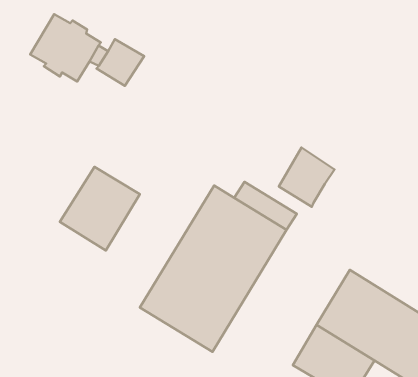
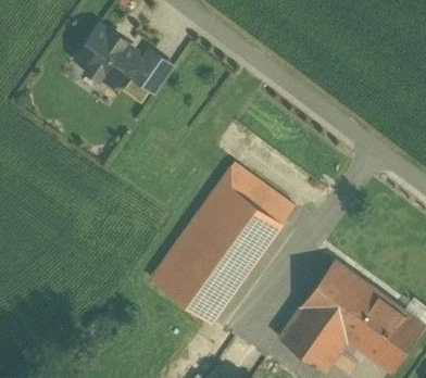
building: [279,148,335,207] -> none
building: [60,167,140,250] -> none

